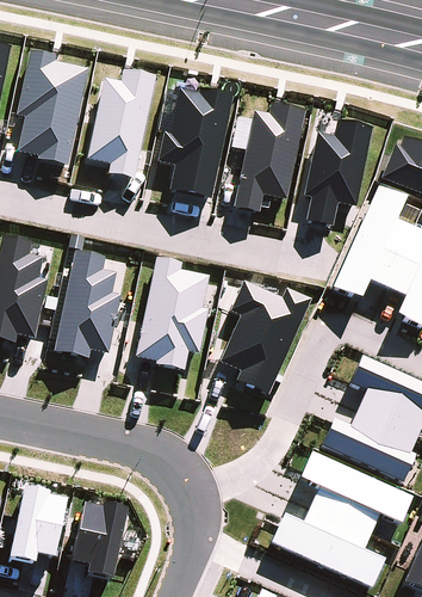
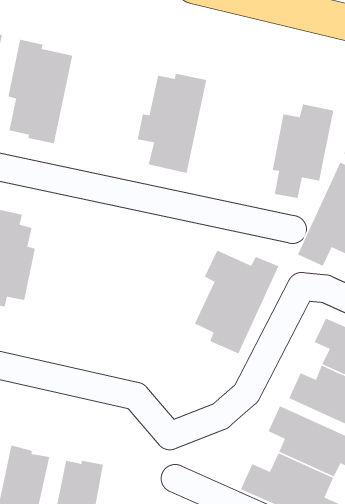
building: [87,68,157,178] -> none
building: [234,101,306,210] -> none
building: [54,251,122,357] -> none
building: [136,254,210,369] -> none

